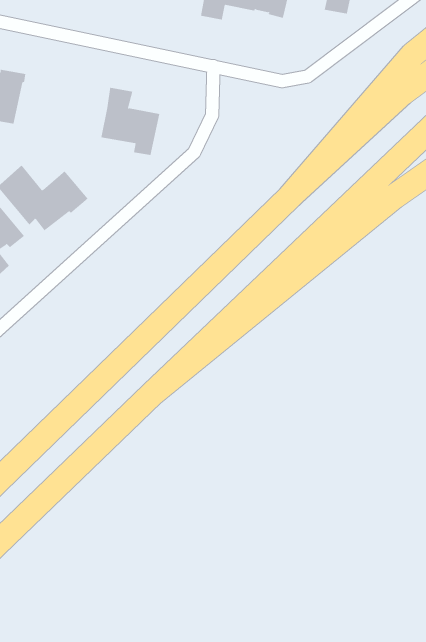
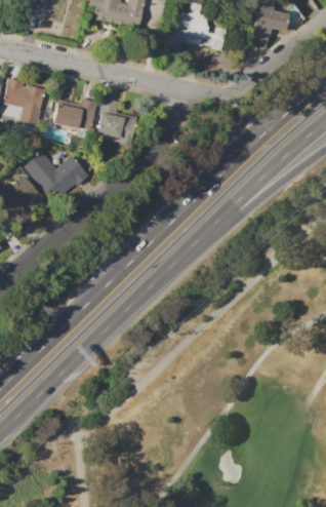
building: none -> [53,98,96,130]

